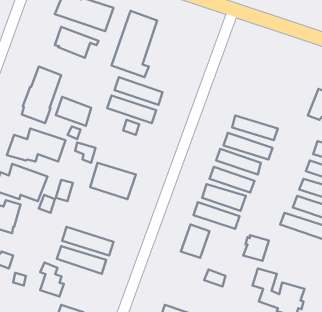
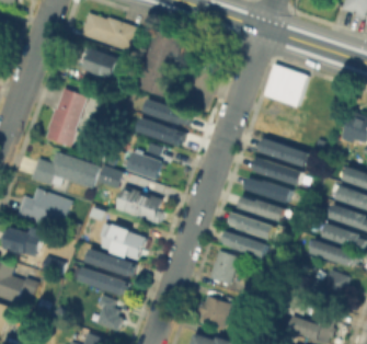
building: none -> [264,65,308,107]
building: [56,97,91,126] -> [125,151,161,181]
building: none -> [102,225,148,261]
building: [243,235,269,261] -> [323,271,349,297]
building: [40,262,64,297] -> [98,296,122,331]
building: none -> [197,296,231,330]

